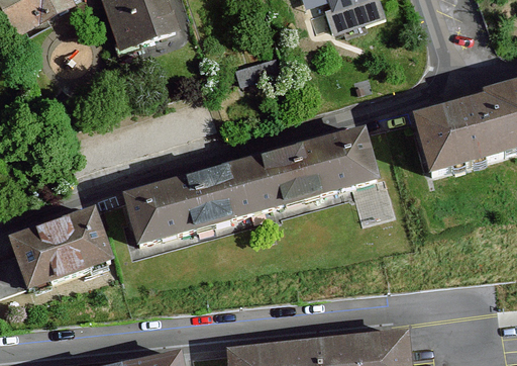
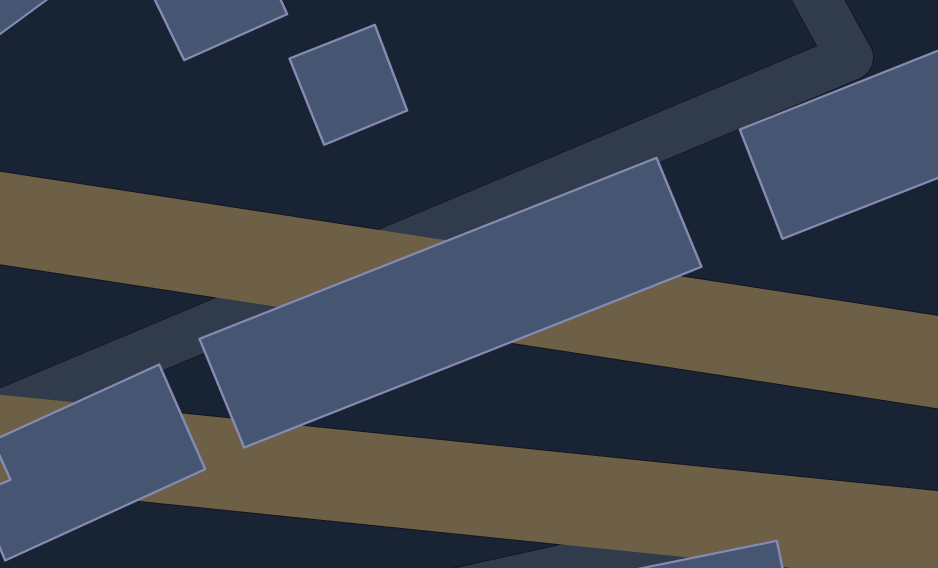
building: none -> [289,25,407,145]

